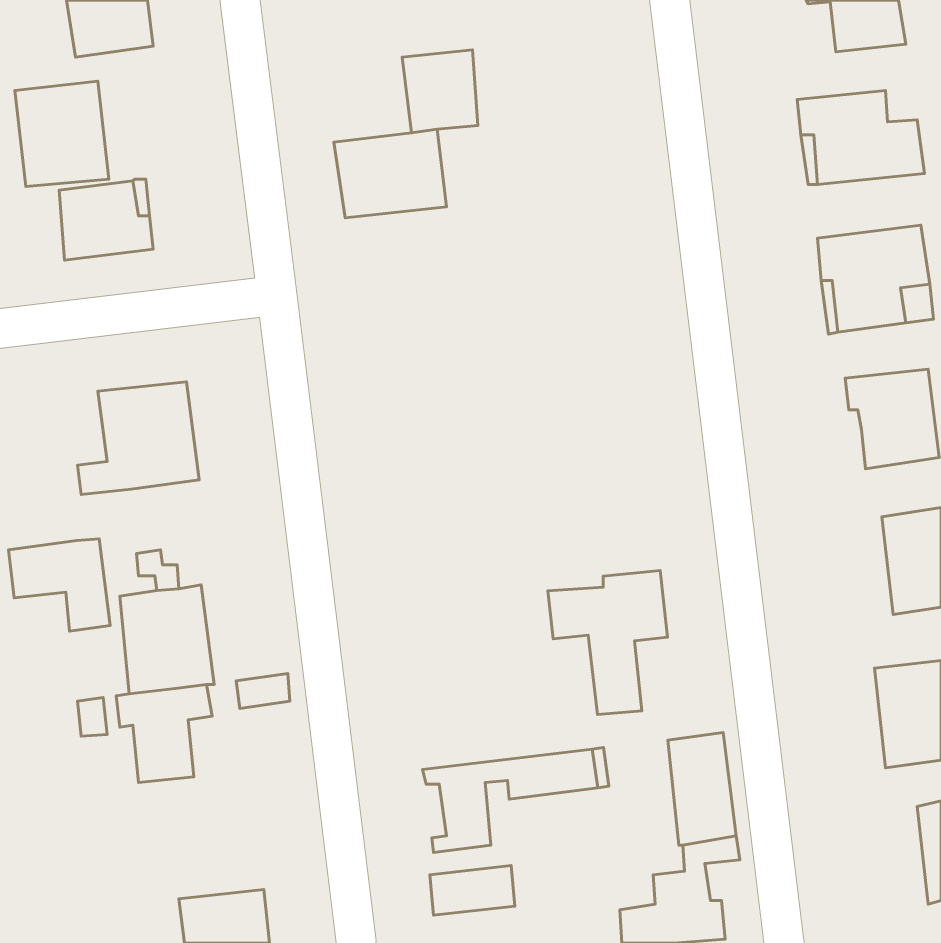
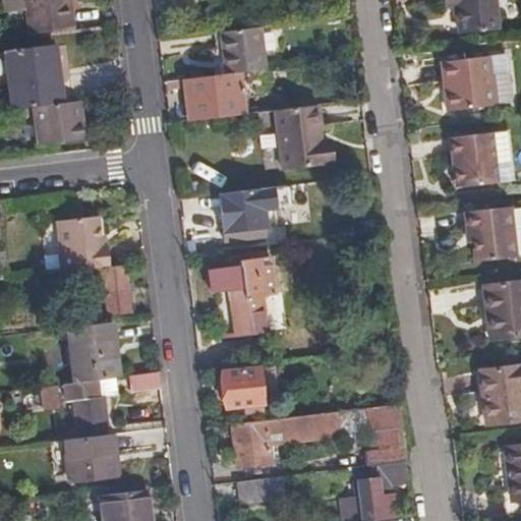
building: none -> [270,106,325,171]
building: none -> [220,187,286,241]
building: [9,539,110,631] -> [72,264,128,314]
building: [548,571,668,715] -> [209,257,275,337]
building: none -> [224,368,265,408]
building: none -> [61,433,120,481]

